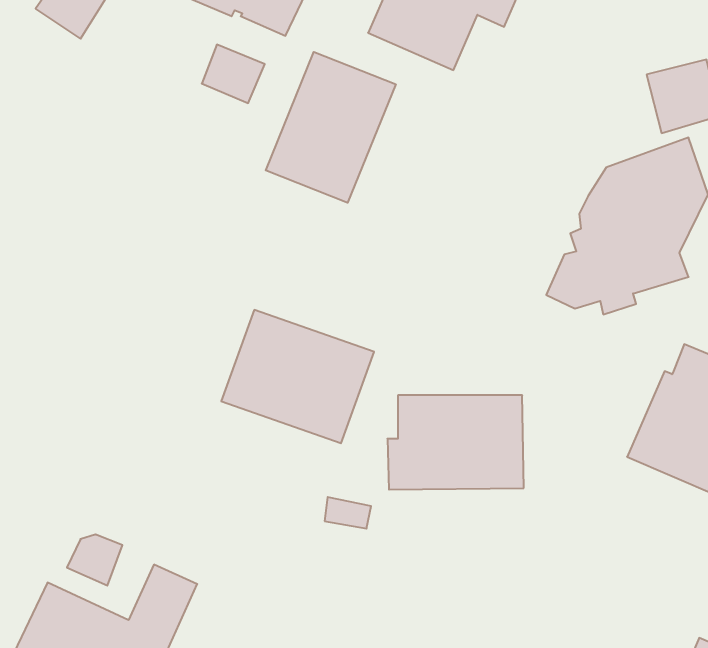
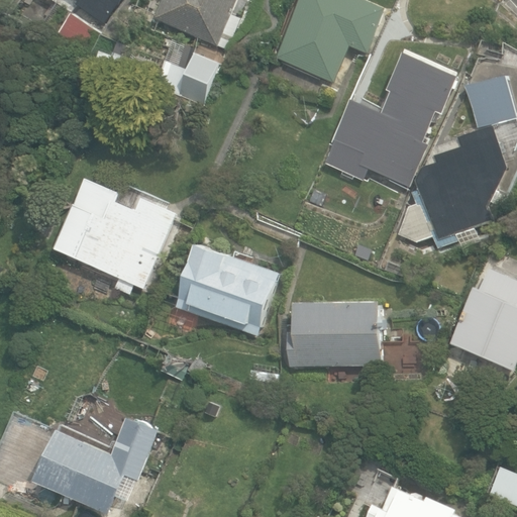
building: none -> [323,53,458,187]
building: [266,52,396,203] -> none
building: none -> [56,177,177,294]

